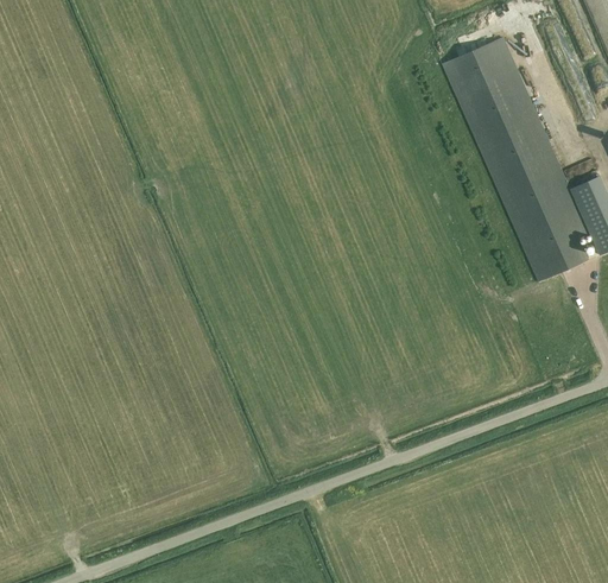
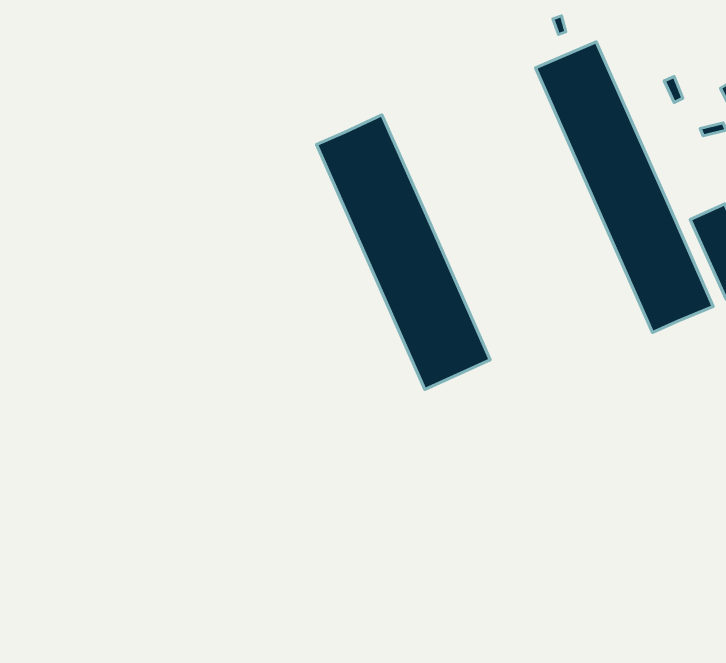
building: none -> [316,115,490,390]

